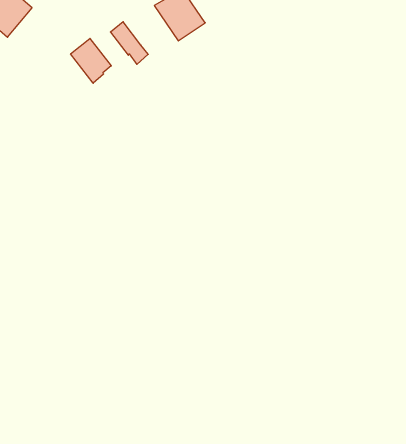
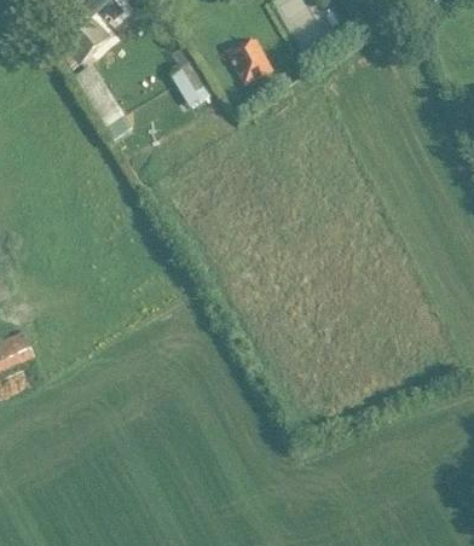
building: [71,38,111,83] -> none

